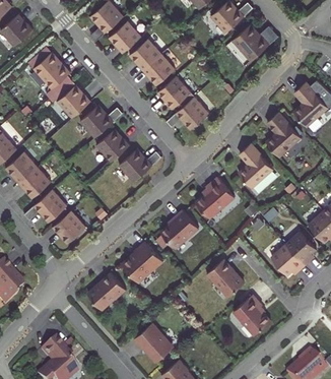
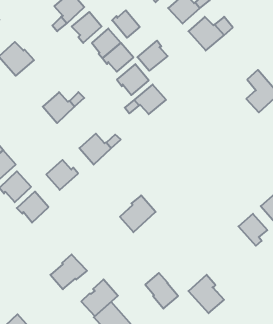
building: none -> [112,10,140,38]
building: none -> [137,41,168,71]
building: [57,83,90,116] -> none
building: [266,111,301,155] -> none
building: [95,128,129,160] -> [46,160,78,190]
building: [240,143,273,188] -> none
building: [197,180,235,219] -> none
building: [122,243,160,281] -> [81,279,118,316]
building: [271,245,304,275] -> none
building: [209,260,244,298] -> [145,273,178,309]

